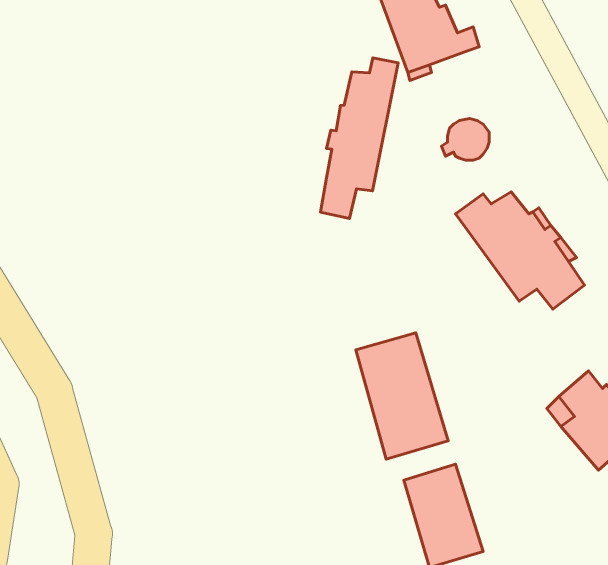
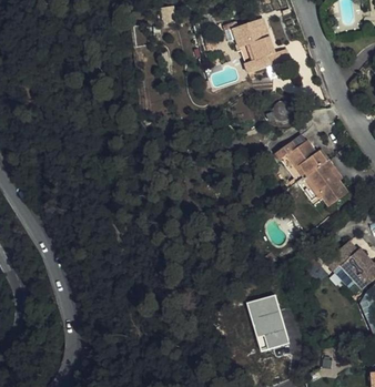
building: [320,58,398,219] -> none
building: [356,333,448,459] -> none

